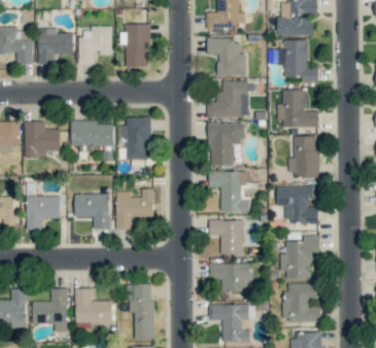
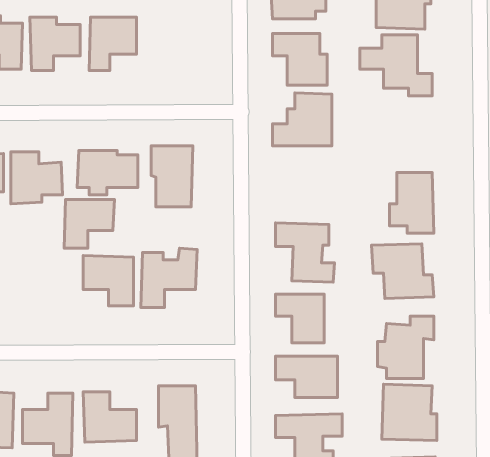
building: [119,24,149,67] -> none
building: [277,90,318,128] -> none
building: [208,123,243,166] -> none
building: [26,197,61,231] -> [64,199,114,248]

